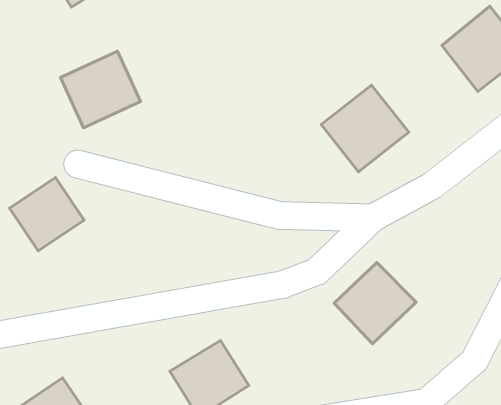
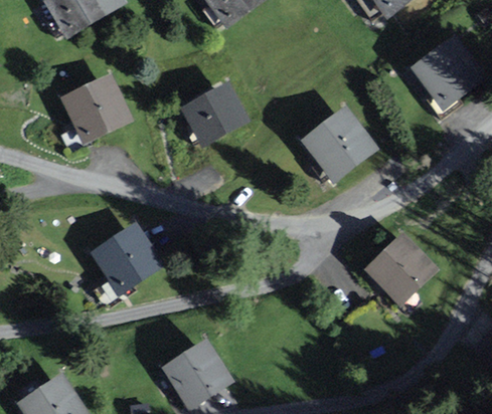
building: none -> [179,80,249,146]
building: [10,177,84,251] -> [93,225,161,292]
building: [334,263,416,344] -> [362,232,438,306]

